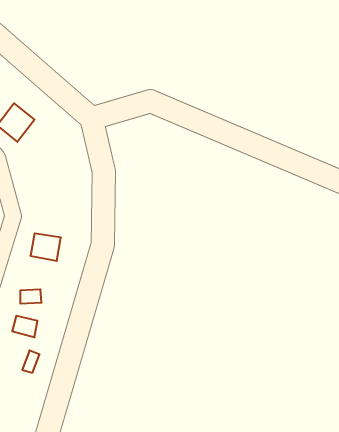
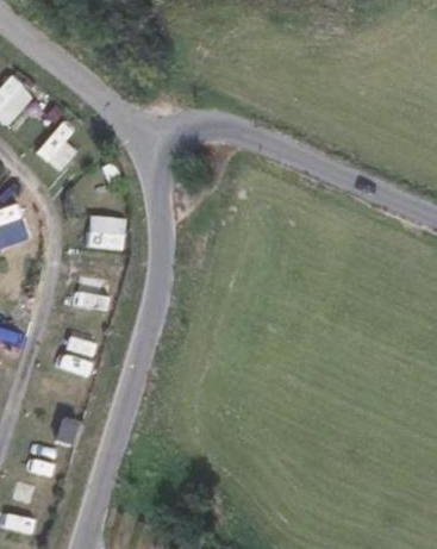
building: none -> [86,217,125,250]

